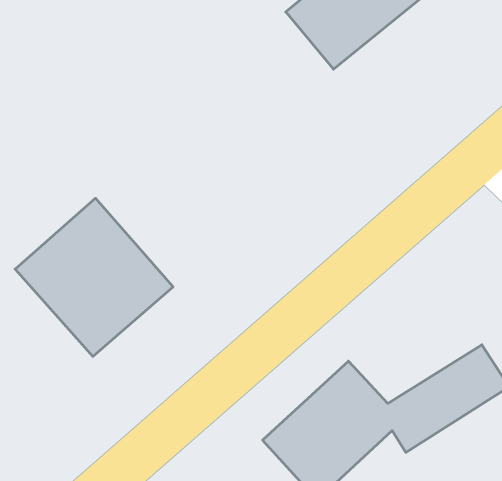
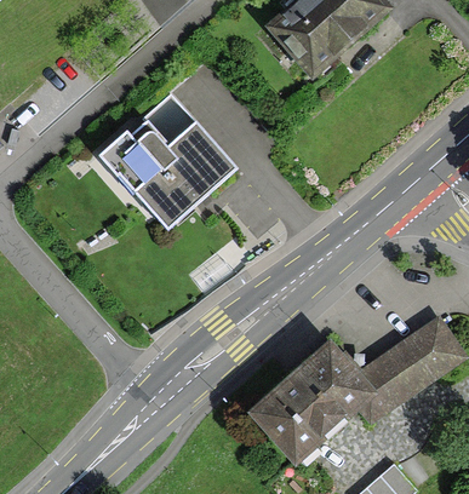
building: [15,198,173,356] -> [102,87,242,228]

